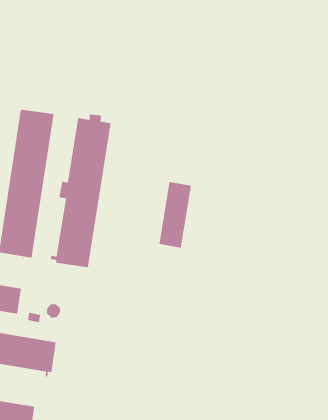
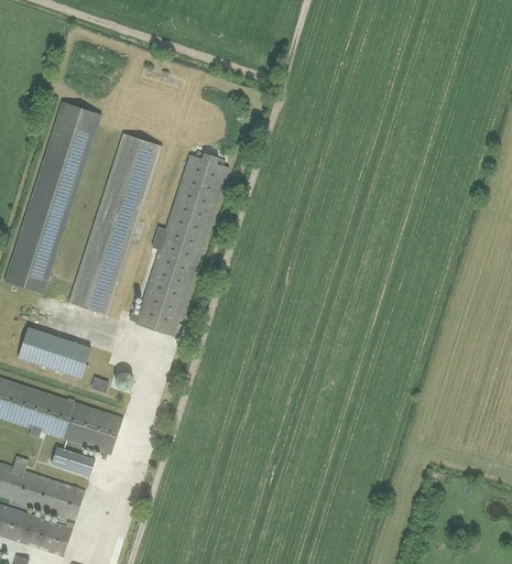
building: [159,181,192,249] -> none
building: none -> [51,446,94,476]

